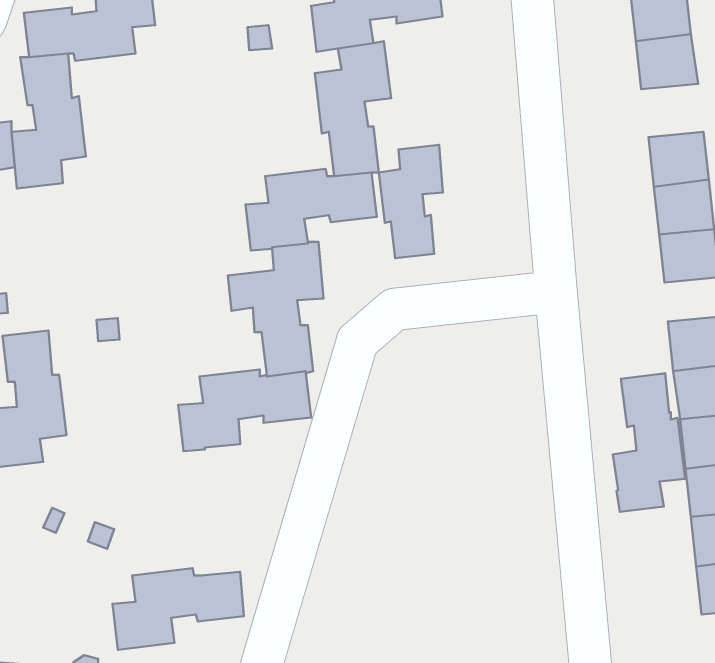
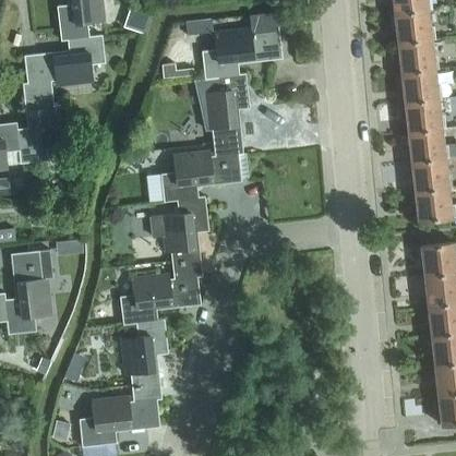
building: none -> [404,98,442,131]
building: [379,145,443,258] -> none
building: [613,373,685,512] -> none
building: none -> [121,317,168,400]

